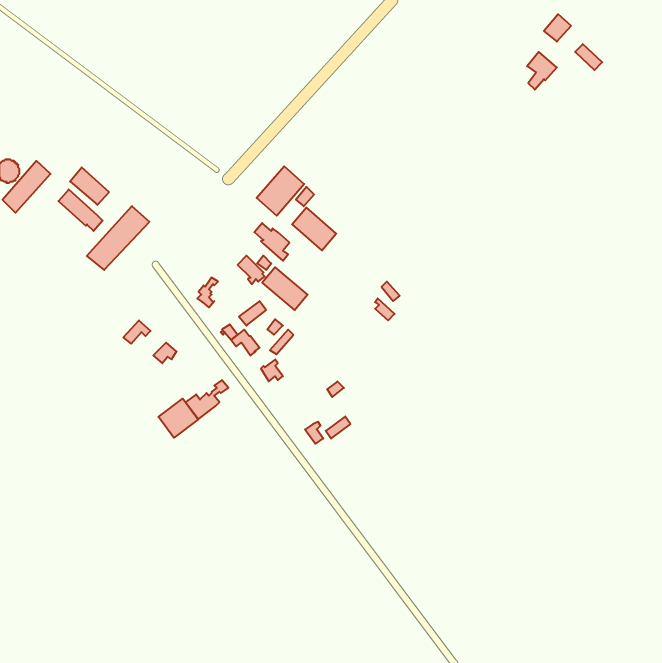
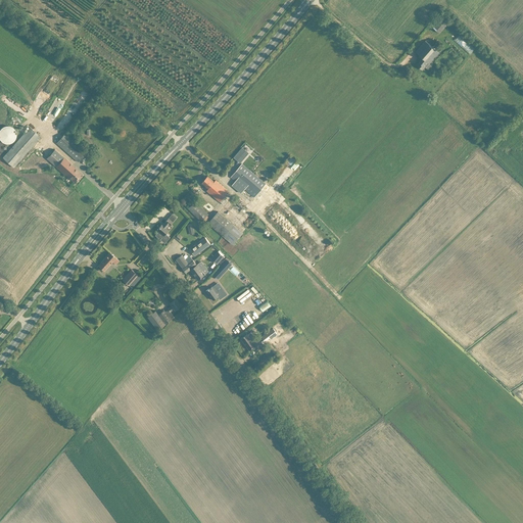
building: [257,166,304,216] -> none
building: [87,206,149,270] -> none
building: [158,399,198,438] -> none

